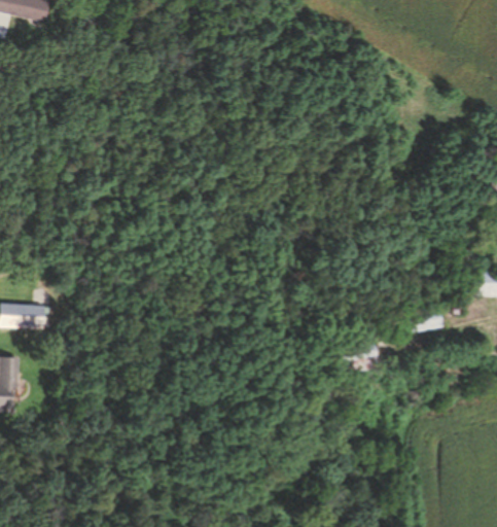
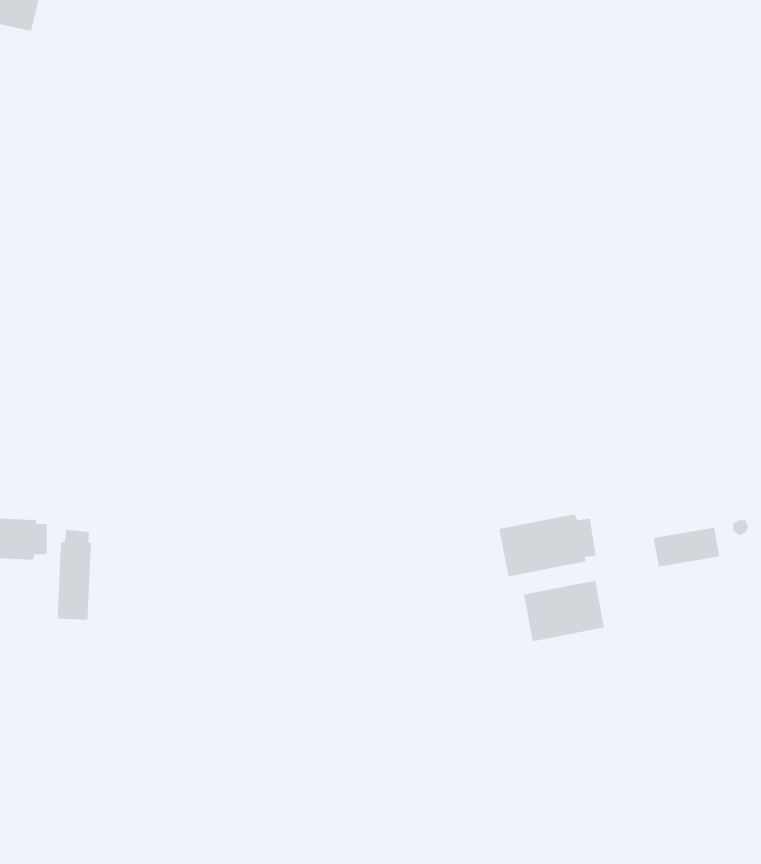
building: none -> [499,513,597,577]
building: none -> [57,529,92,621]

